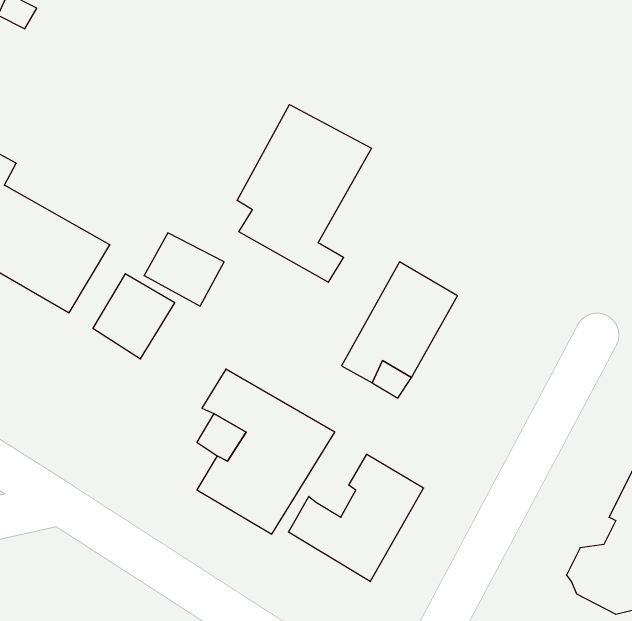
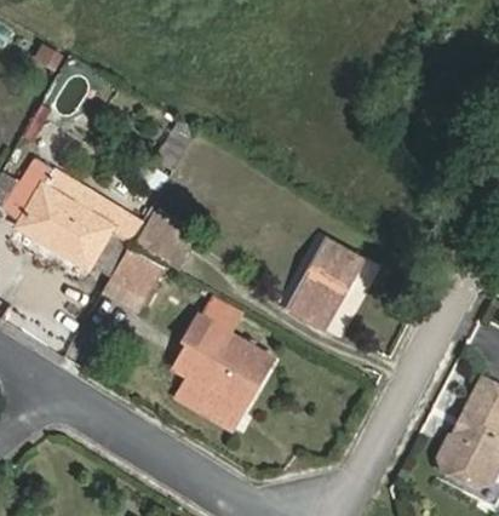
building: [237,105,372,282] -> none
building: [288,454,424,582] -> none

